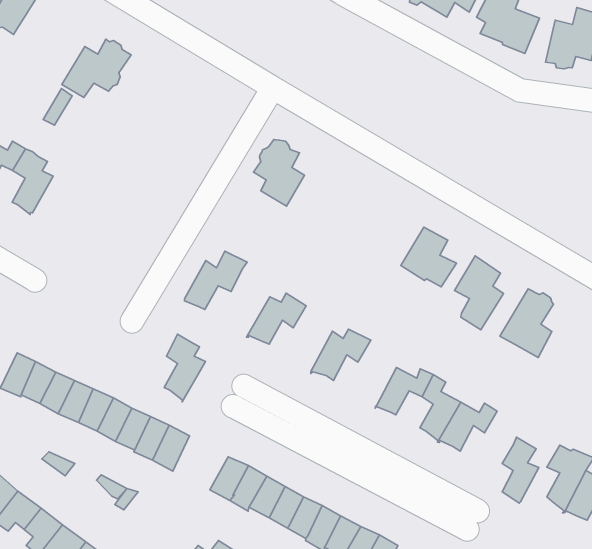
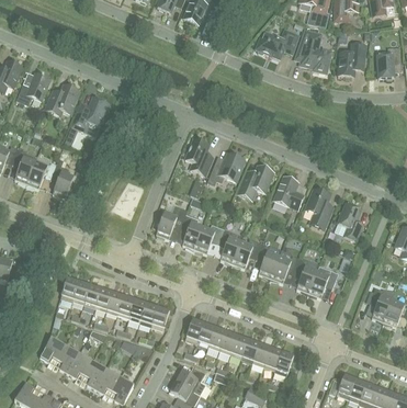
building: none -> [45,83,79,114]
building: none -> [206,151,245,184]
building: none -> [238,165,273,197]
building: none -> [218,228,240,264]
building: [164,334,205,402] -> [181,213,203,250]
building: none -> [257,242,279,280]
building: [502,437,539,503] -> none

